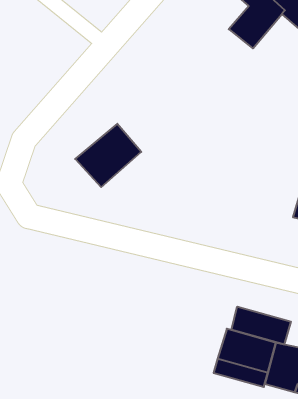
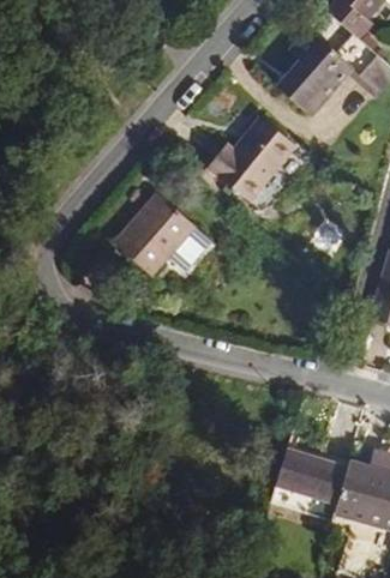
building: none -> [218,122,311,210]
building: [231,307,291,345] -> none

